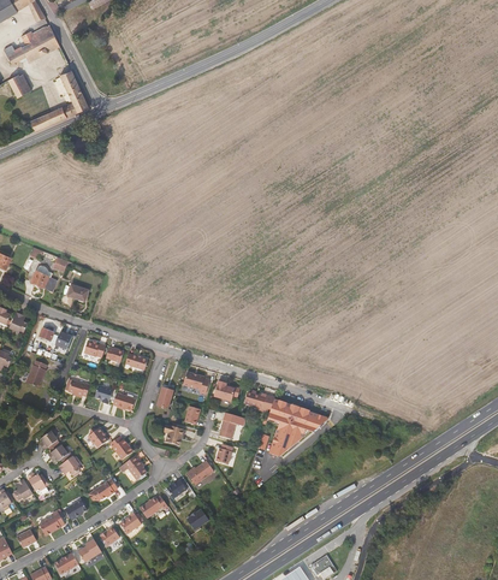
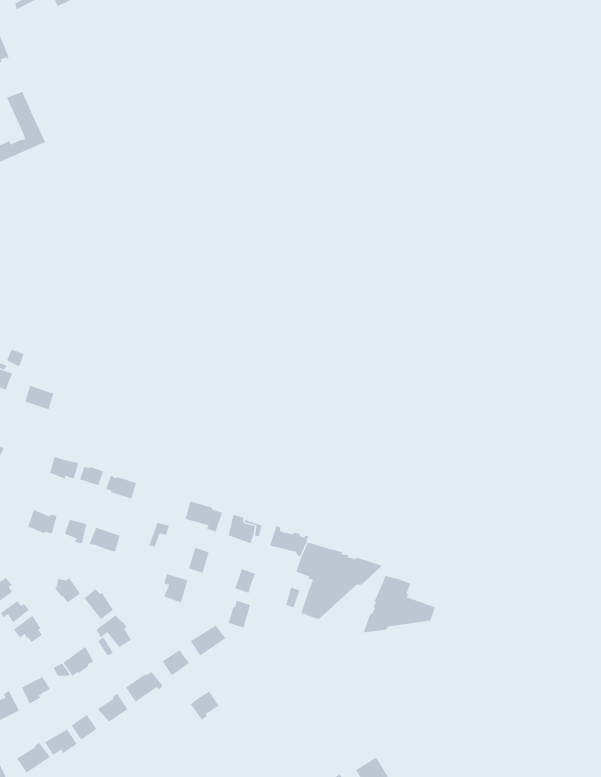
building: none -> [363,575,435,633]

